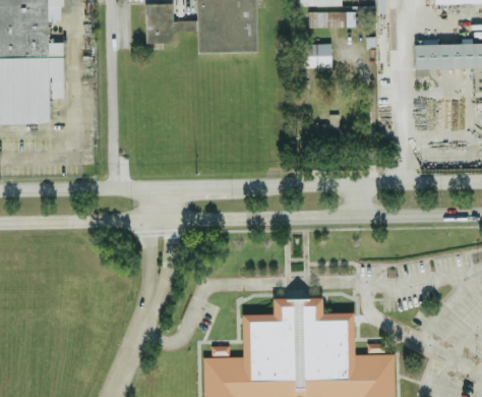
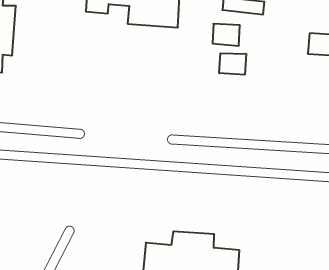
building: none -> [219,53,246,75]

